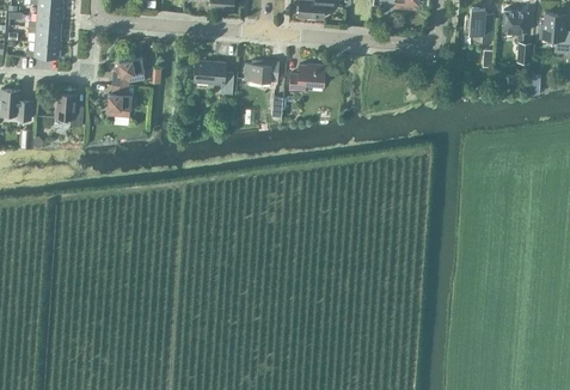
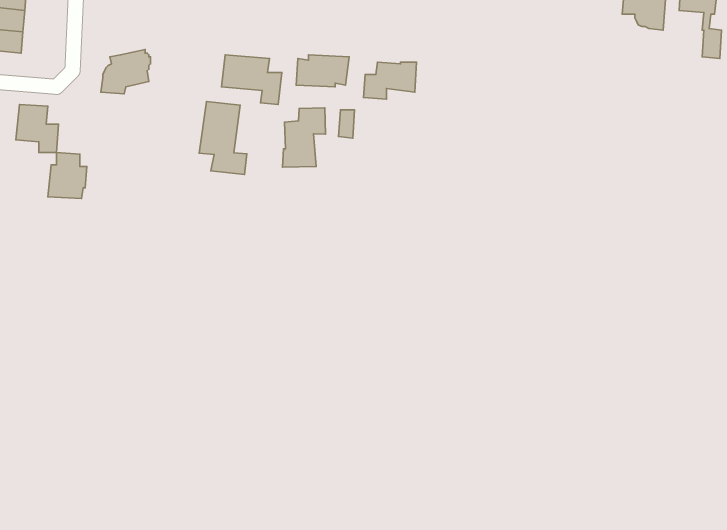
building: [106,86,133,117] -> [48,152,87,198]
building: none -> [199,102,247,175]
building: none -> [283,108,325,167]

